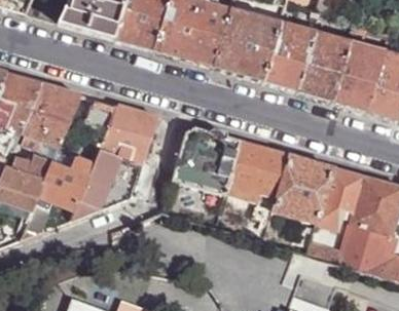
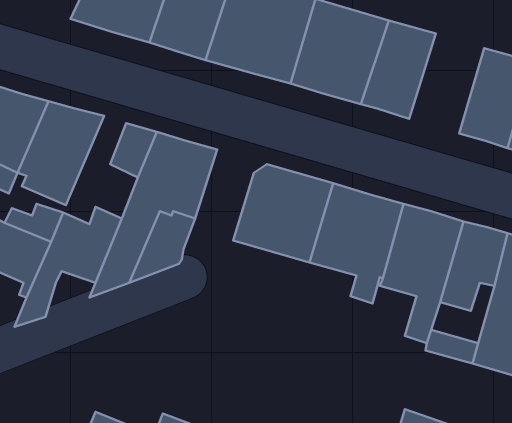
building: [296,33,349,103] -> none

